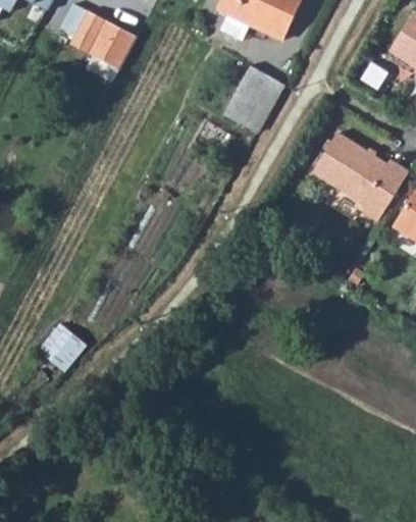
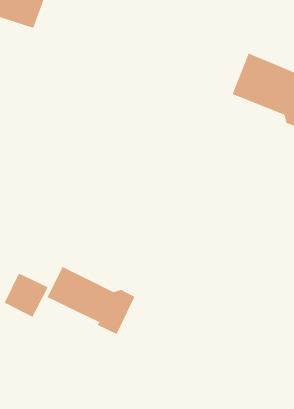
building: [223,65,283,133] -> none
building: none -> [47,266,135,335]

